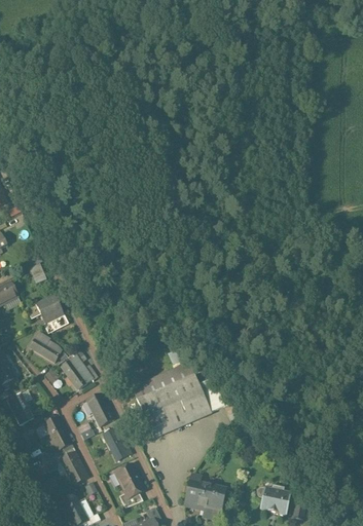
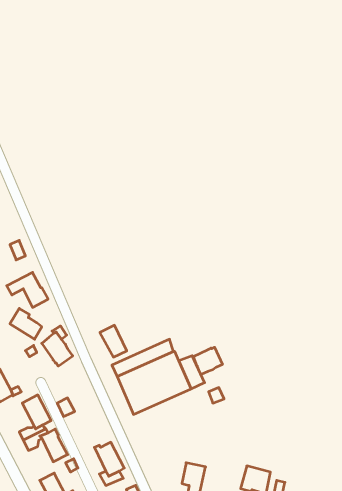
building: none -> [194,347,222,375]
building: [85,393,112,425] -> [100,325,127,357]
building: [103,427,130,460] -> none
building: [183,474,205,506] -> none

